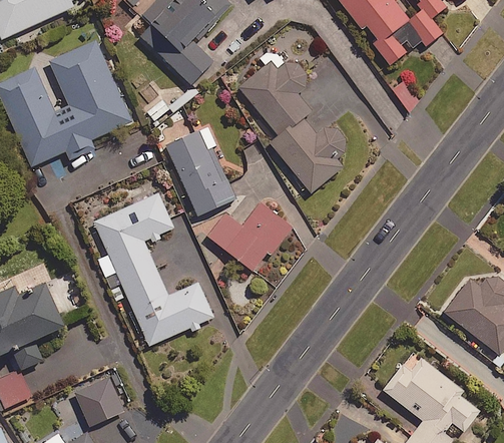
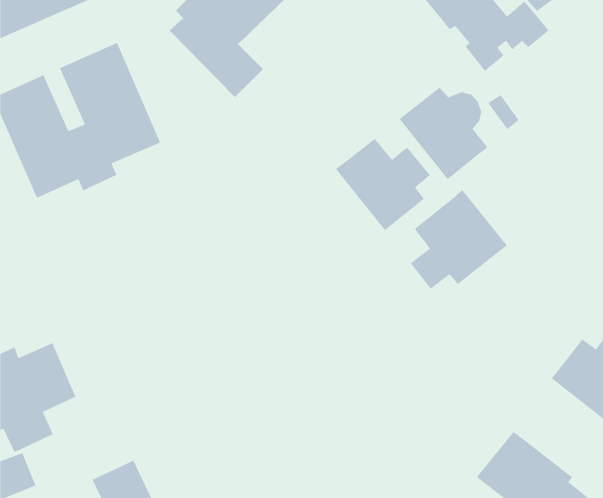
building: [238,61,311,136] -> [399,86,489,180]
building: [165,126,234,215] -> none
building: none -> [410,189,508,290]
building: [93,193,212,346] -> none
building: [208,202,292,271] -> none

